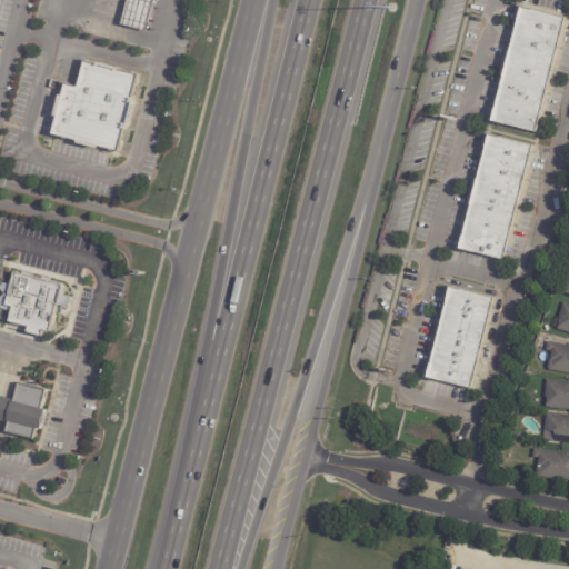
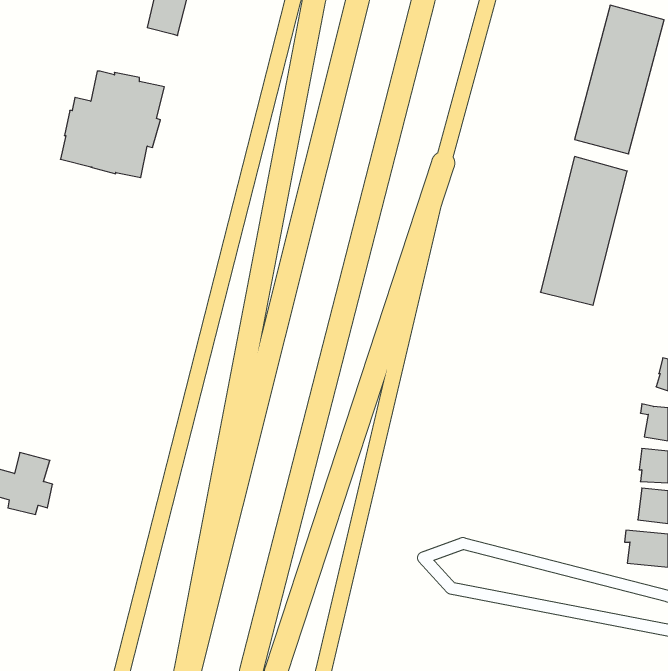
building: [6,272,63,336] -> none
building: [425,287,492,388] -> none

